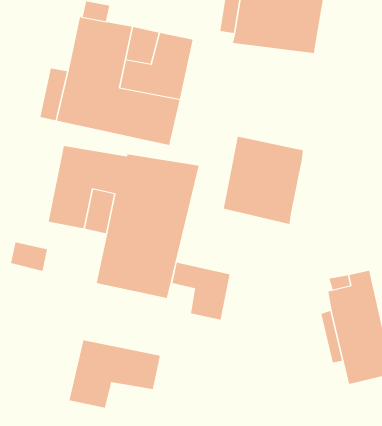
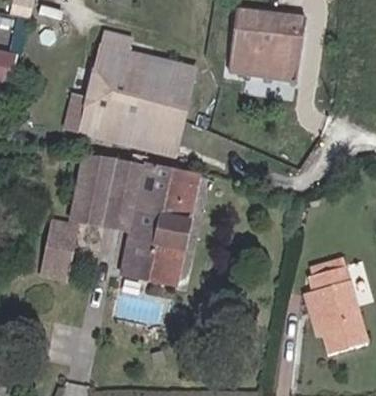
building: [223,136,304,225] -> none
building: [172,262,230,320] -> none
building: [69,339,160,409] -> none

